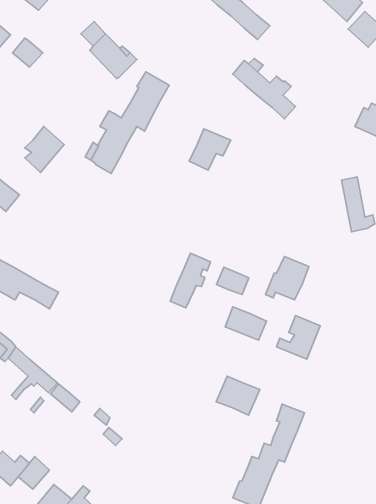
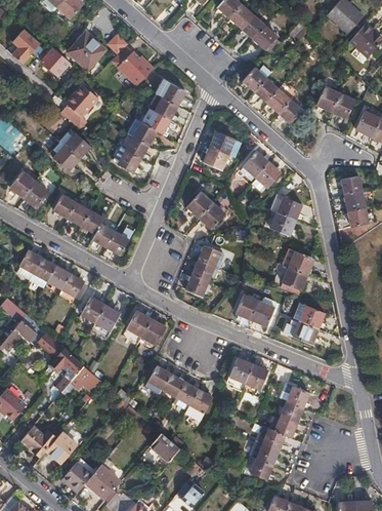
building: none -> [68,33,104,69]
building: none -> [60,85,97,129]
building: none -> [316,87,354,118]
building: none -> [241,151,281,192]
building: none -> [187,191,225,228]
building: none -> [266,194,301,234]
building: none -> [53,195,133,256]
building: [216,267,249,295] -> none
building: none -> [78,298,120,330]
building: none -> [124,312,166,350]
building: none -> [144,365,212,421]
building: none -> [152,433,179,461]

